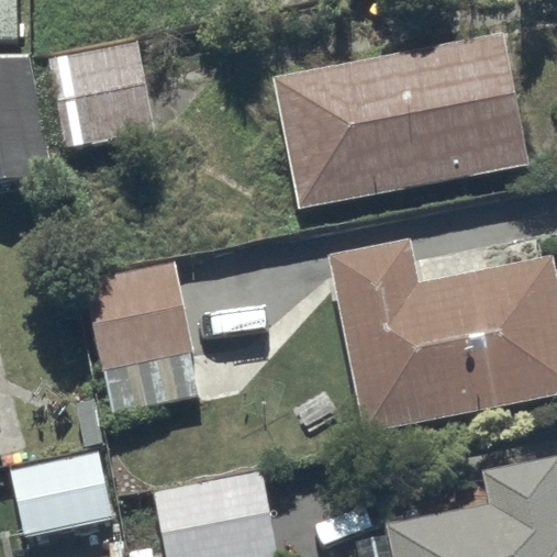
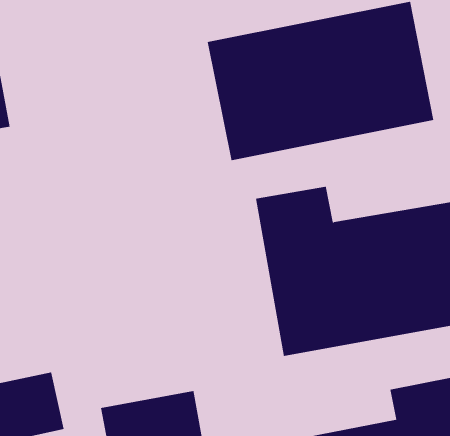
building: [48,42,155,147] -> none
building: [83,261,202,413] -> none

